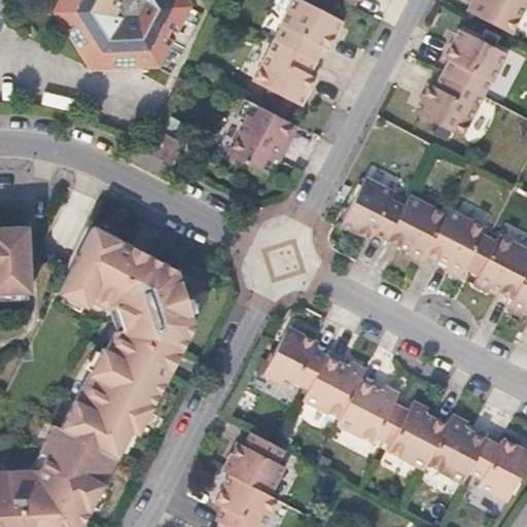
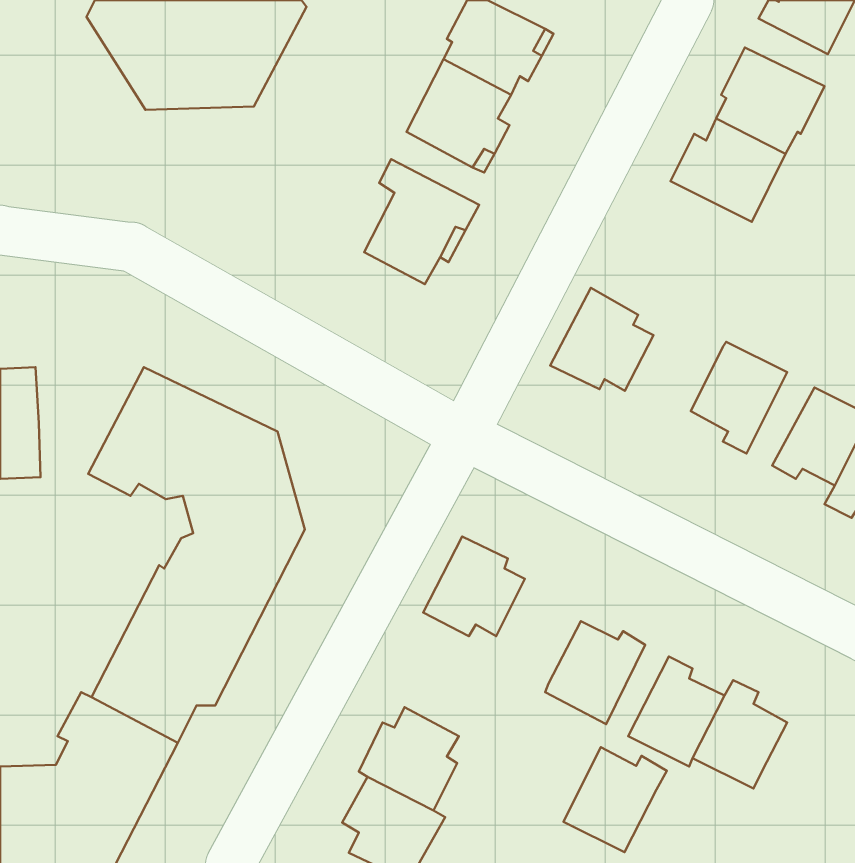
building: [386,194,446,264] -> none
building: [303,353,365,417] -> [563,747,667,852]
building: [469,440,521,494] -> none

